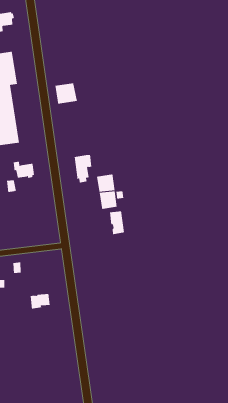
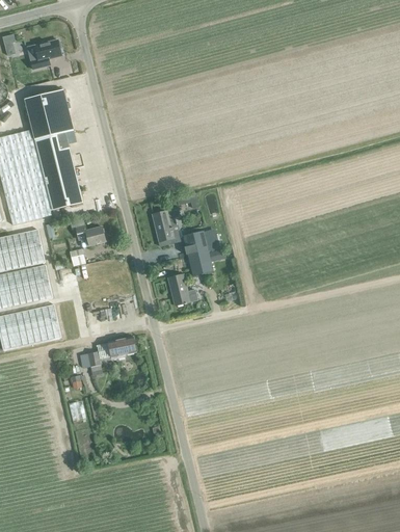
building: [55,83,77,105] -> none
building: [109,211,125,235] -> [167,274,189,305]
building: [30,293,51,309] -> [108,337,135,358]

